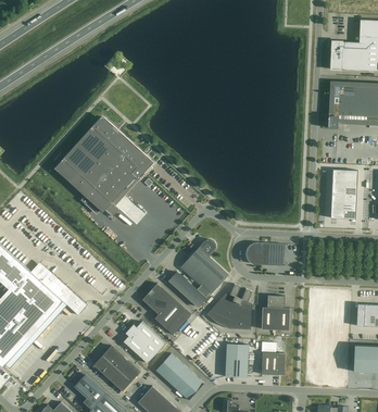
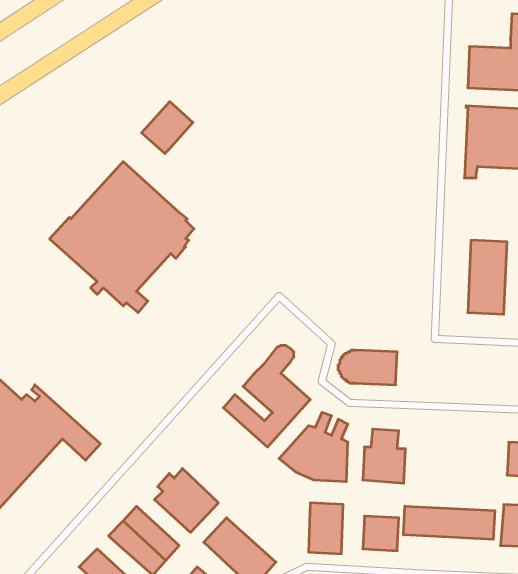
building: none -> [142,102,193,154]
building: [142,283,186,329] -> none
building: none -> [403,506,495,539]

